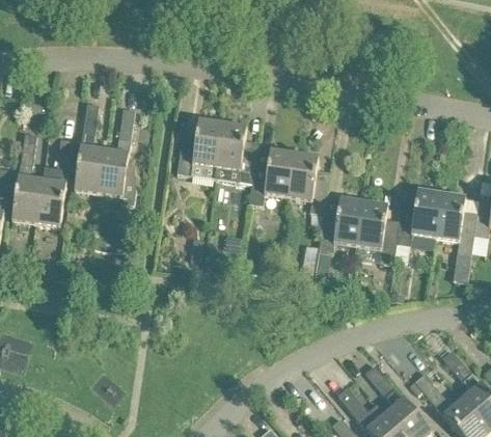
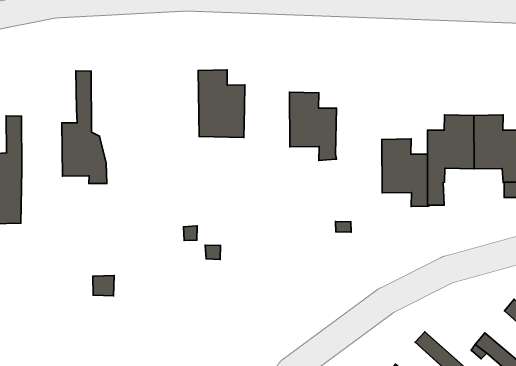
building: [74,103,105,193] -> none
building: [176,119,222,177] -> none
building: [248,149,294,204] -> none
building: [318,198,363,253] -> none

